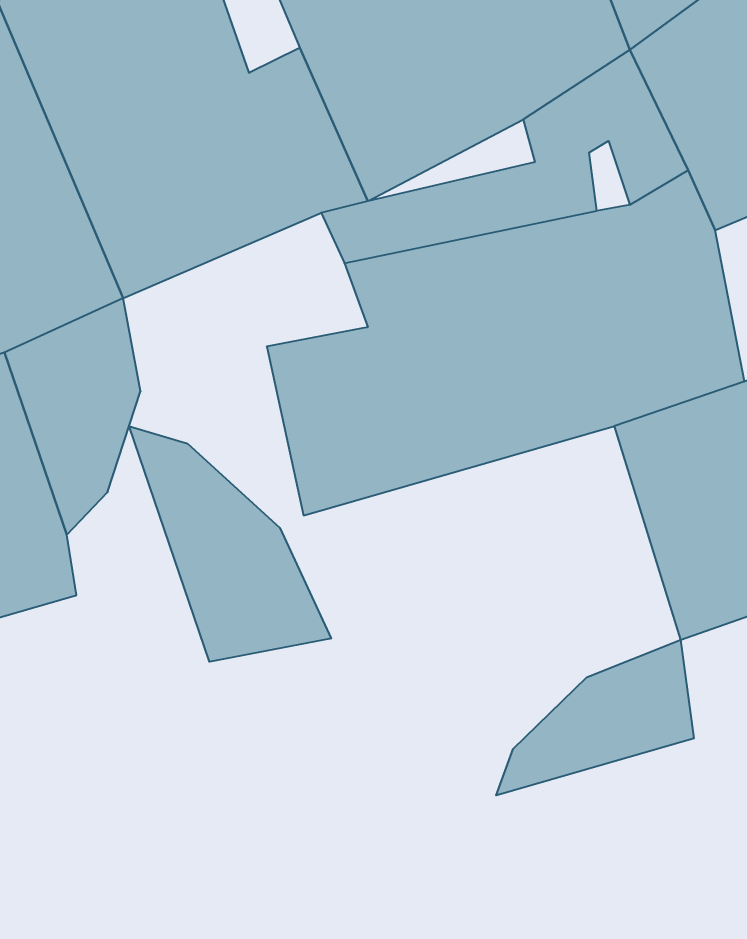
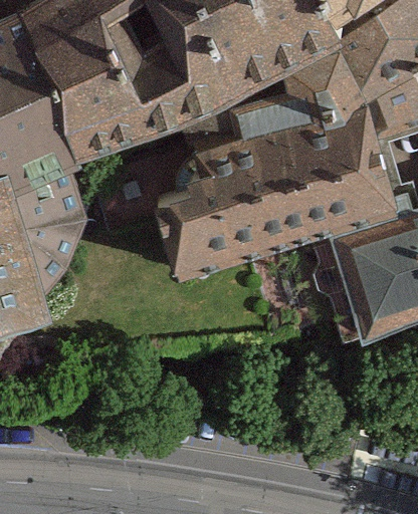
building: [129,426,331,662] -> none
building: [496,640,694,795] -> none

